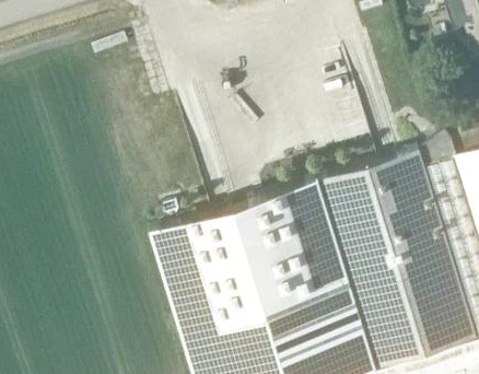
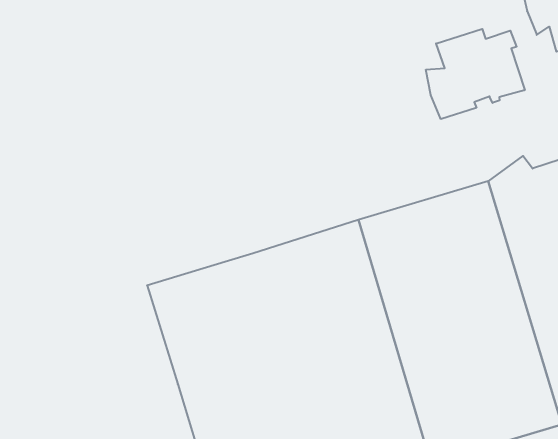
building: none -> [426,29,525,119]

